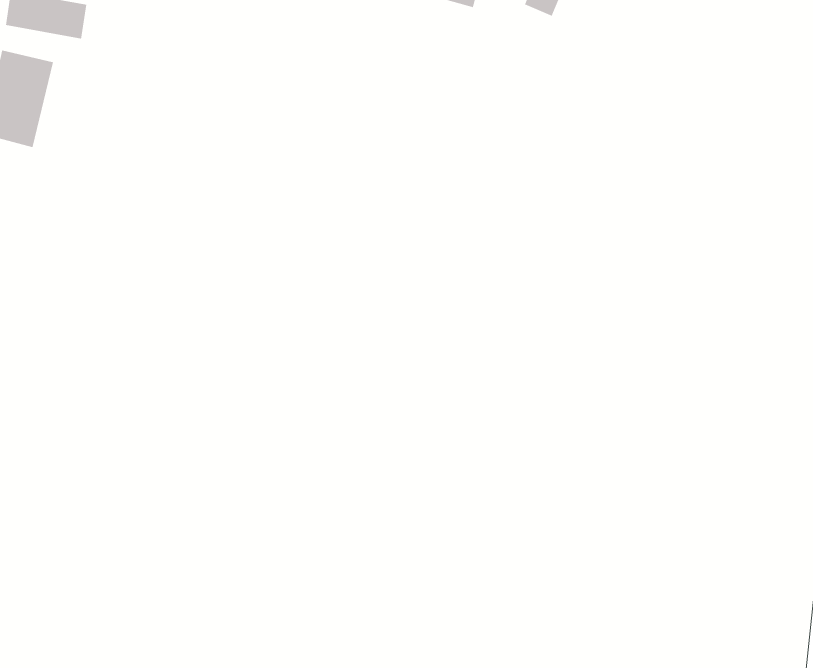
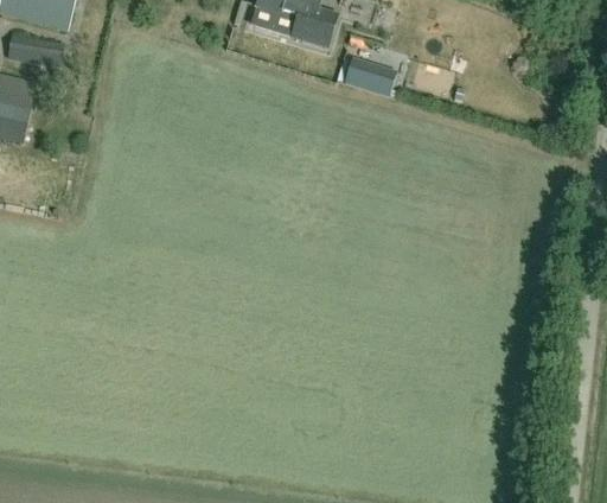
building: none -> [343,57,394,94]

